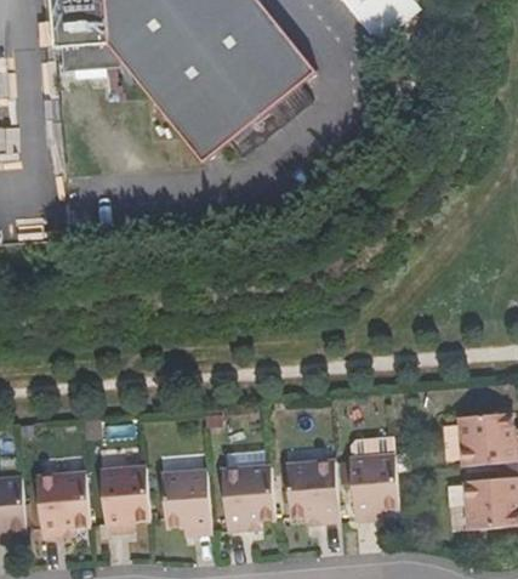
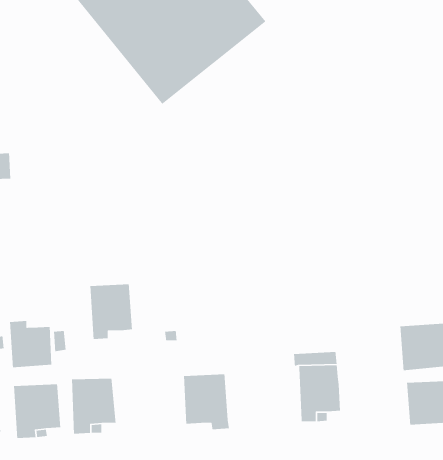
building: none -> [9,320,52,368]
building: [288,455,337,515] -> none
building: [163,464,210,526] -> [90,283,133,340]

